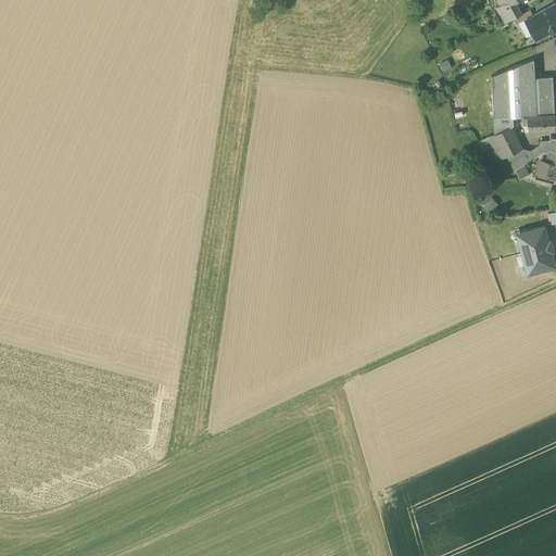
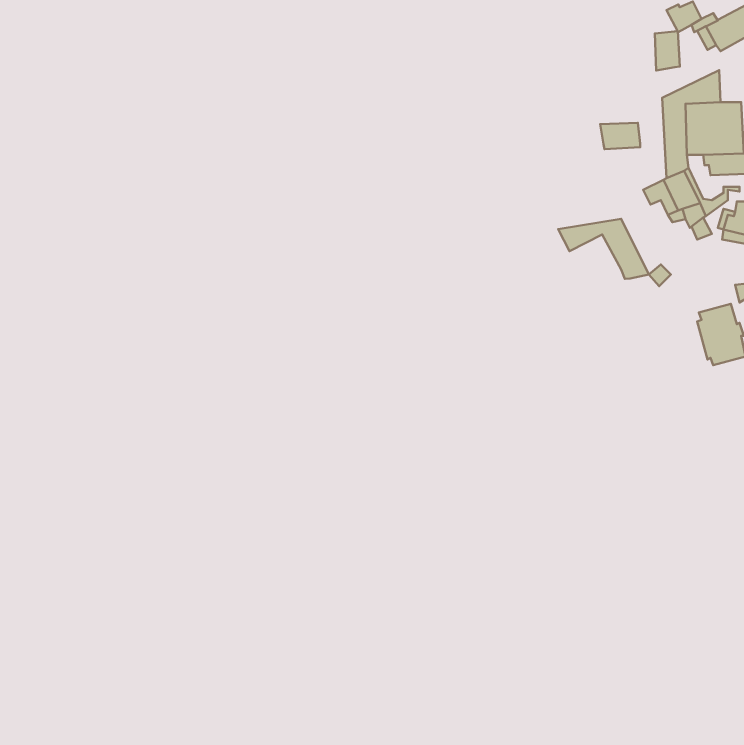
building: none -> [655,31,680,71]
building: none -> [600,123,640,149]
building: none -> [558,219,649,279]

